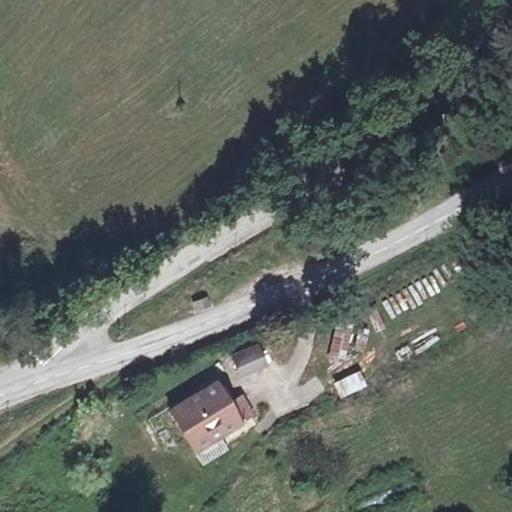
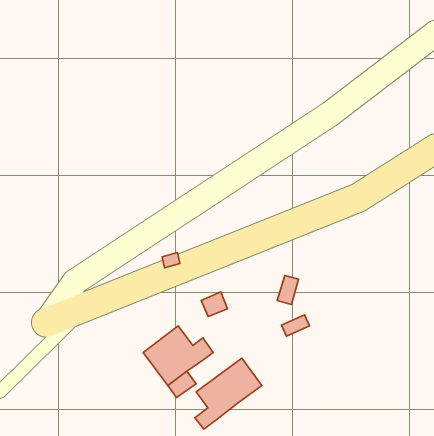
building: none -> [195,358,262,429]

